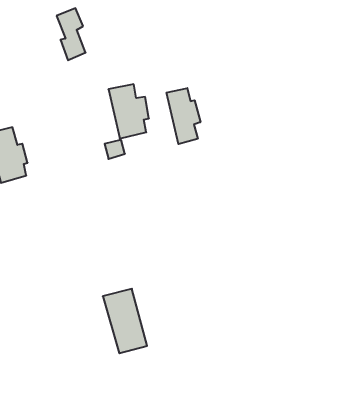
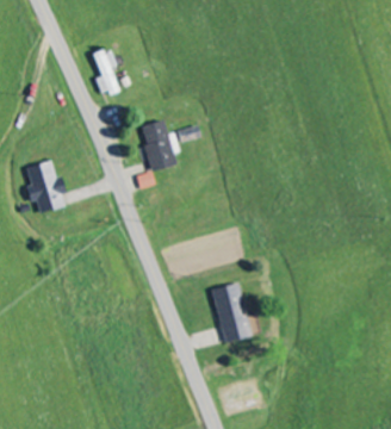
building: [167,88,200,144] -> none
building: [103,289,147,353] -> [211,282,253,343]

